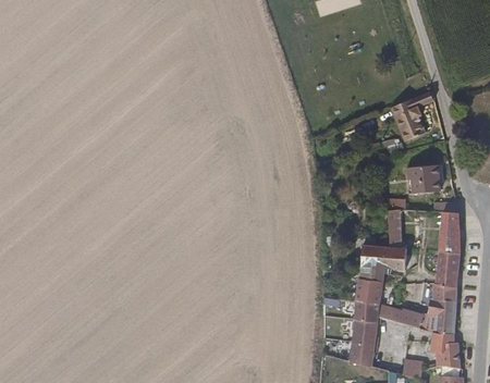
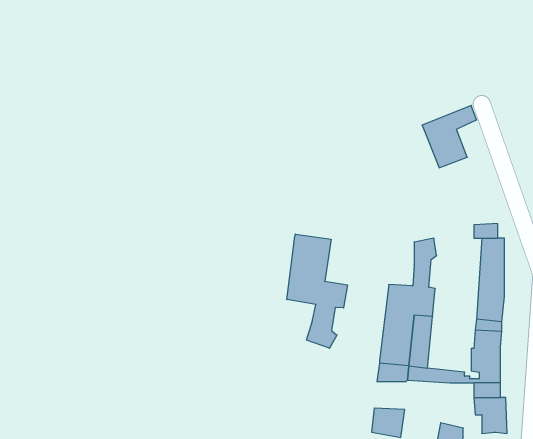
building: [411,158,439,186] -> none
building: none -> [287,234,347,348]
building: [351,323,377,346] -> none

